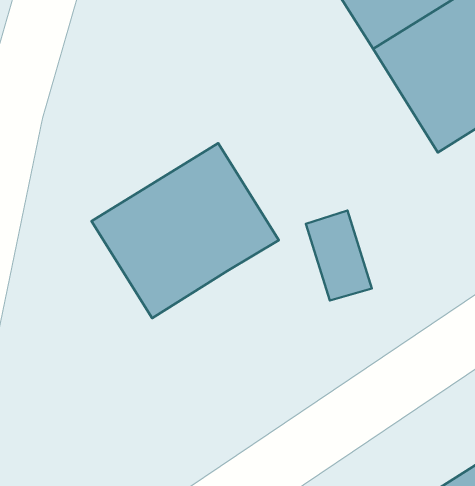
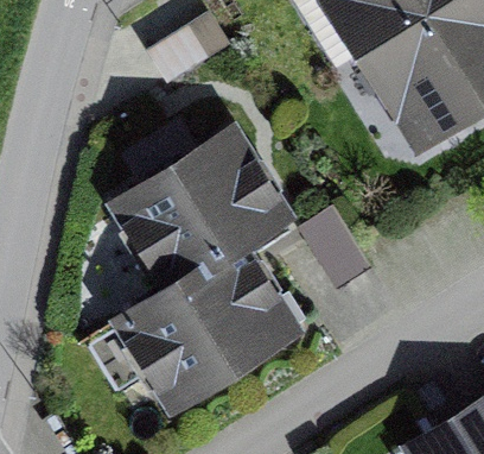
building: none -> [114,252,282,410]

